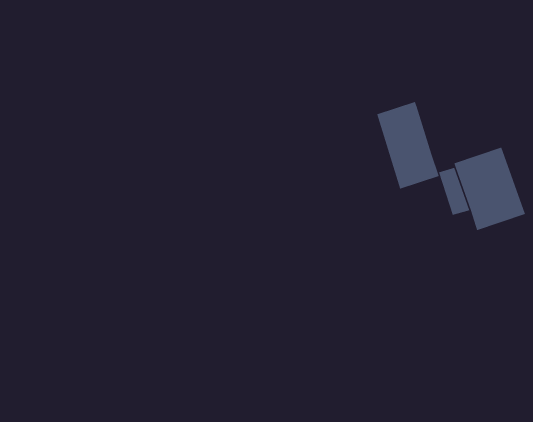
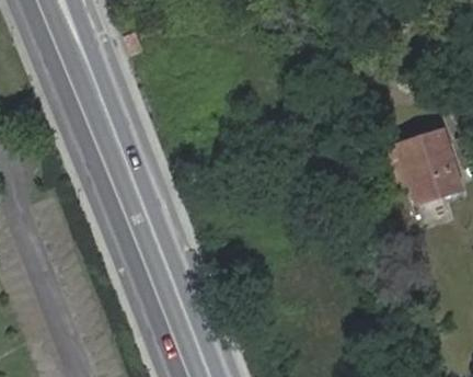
building: [376,101,440,190] -> none

